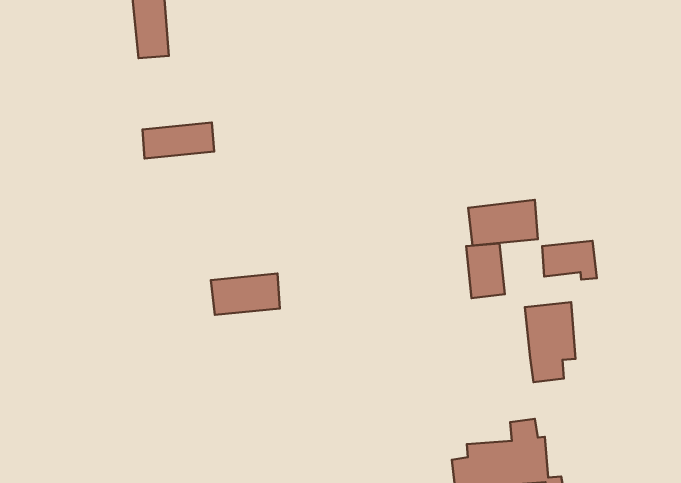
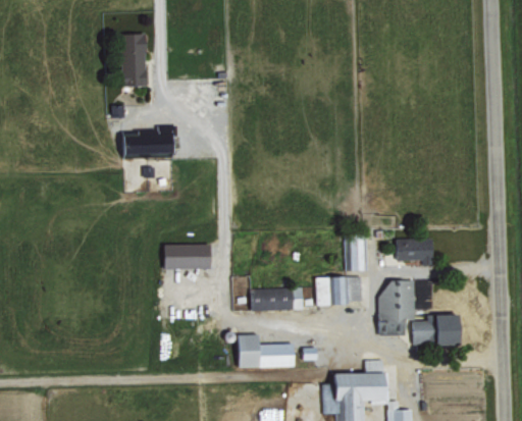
building: [468,200,538,246] -> [314,276,361,305]
building: none -> [249,287,302,311]
building: none -> [411,319,463,345]
building: none -> [236,334,293,369]

